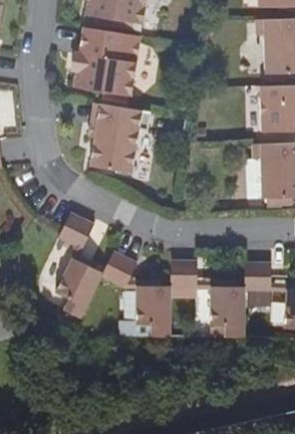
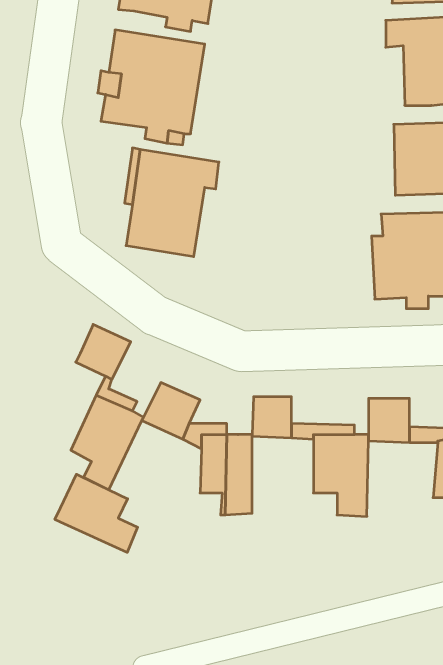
building: none -> [55,474,138,552]

